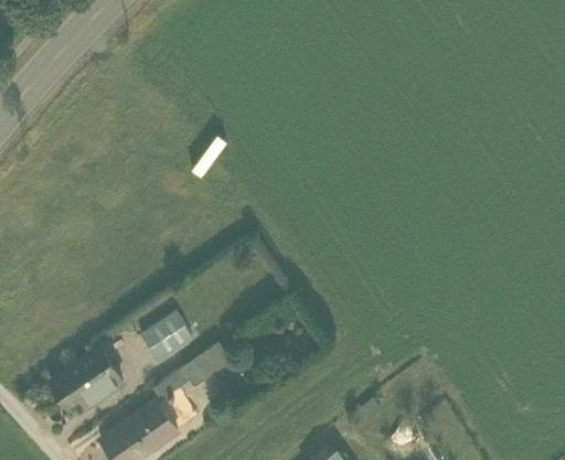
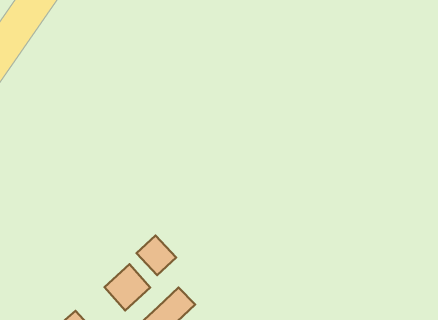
building: none -> [136,235,176,275]

